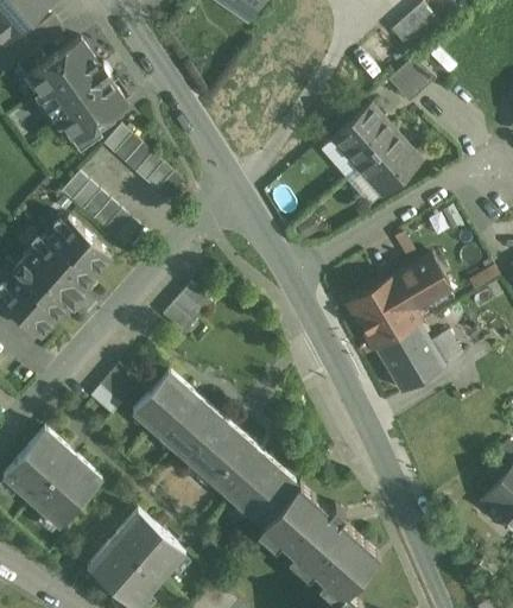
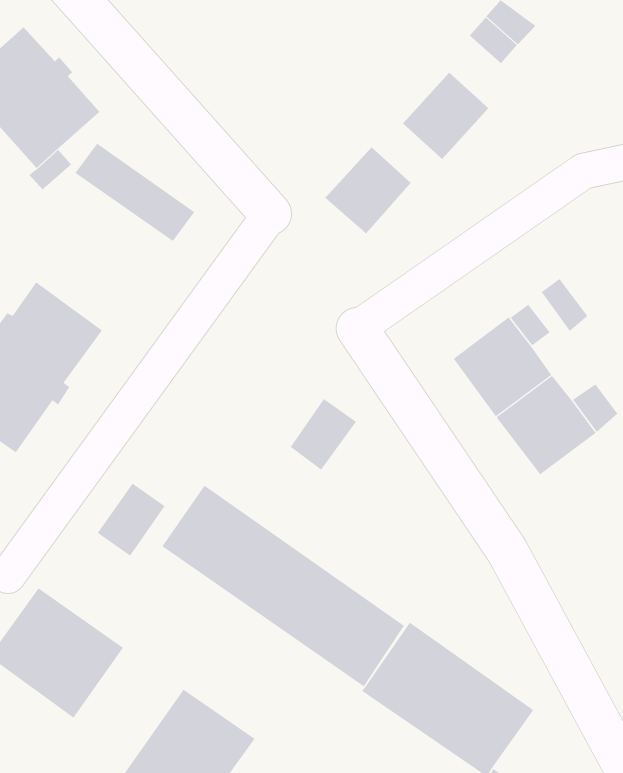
building: [359,133,420,194] -> [324,146,411,234]
building: [61,172,140,248] -> none
building: [162,284,210,334] -> [290,398,357,470]

